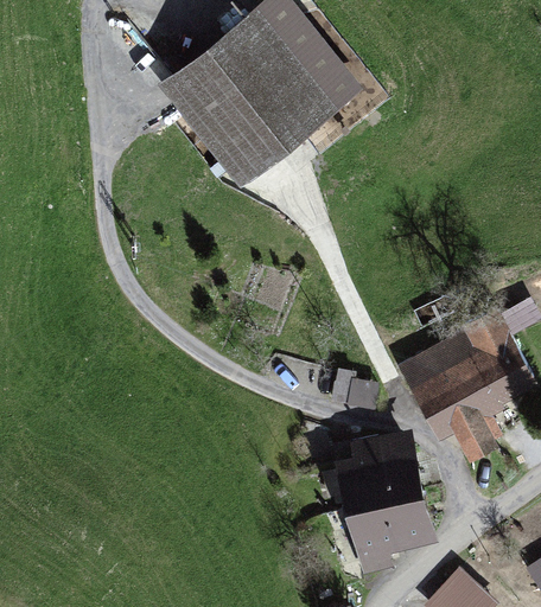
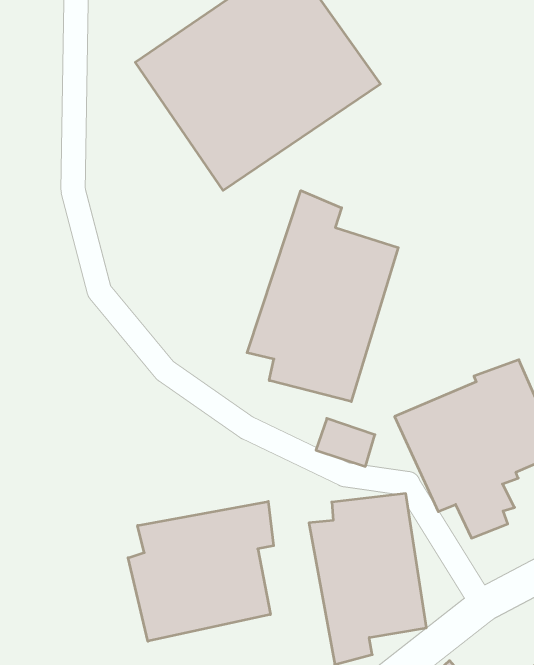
building: none -> [247,191,398,402]
building: none -> [128,501,274,641]

